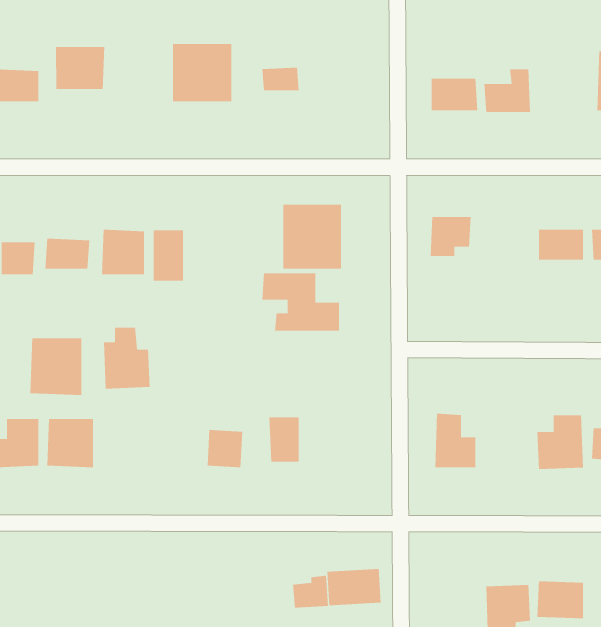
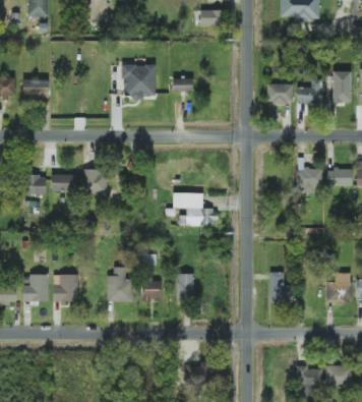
building: [56,46,105,90] -> none
building: none -> [331,70,351,102]
building: [283,204,341,269] -> none
building: [430,216,472,256] -> [299,168,322,190]
building: [153,230,184,281] -> none
building: [103,327,151,389] -> [107,267,133,301]
building: [30,337,82,396] -> none
building: [327,568,381,606] -> none

